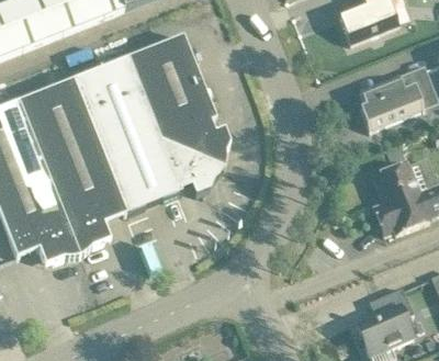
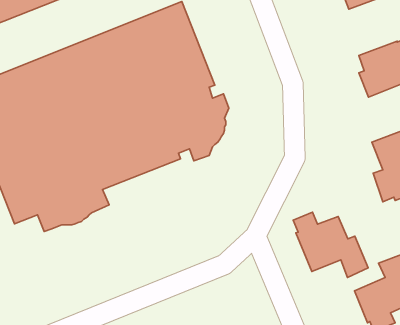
building: none -> [293,212,368,278]

